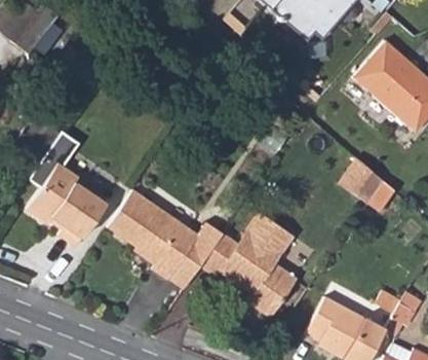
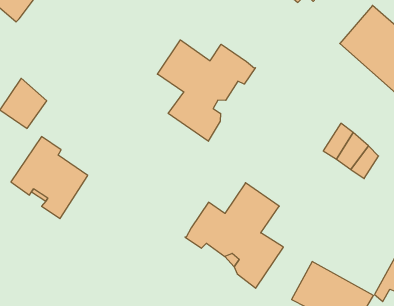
building: none -> [157,40,255,141]
building: [101,197,232,286] -> none

